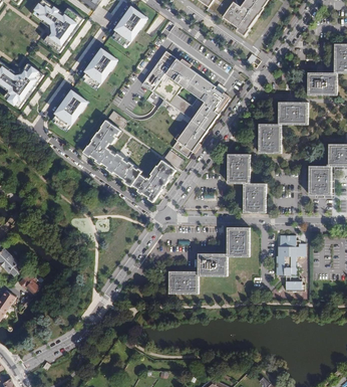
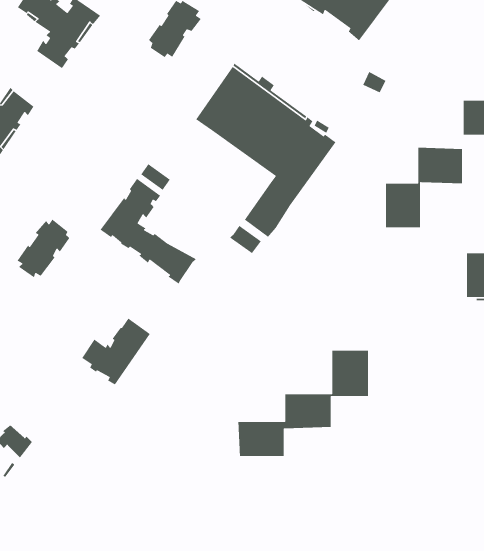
building: [82,50,115,87] -> none
building: [52,92,85,130] -> [17,219,70,279]
building: [227,153,266,210] -> none
building: [132,159,176,201] -> [81,317,151,386]
building: [275,235,304,292] -> none

